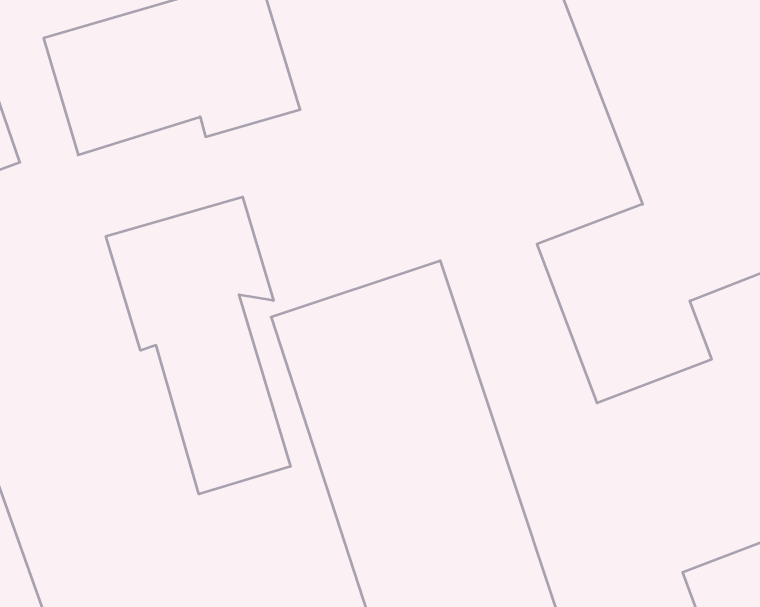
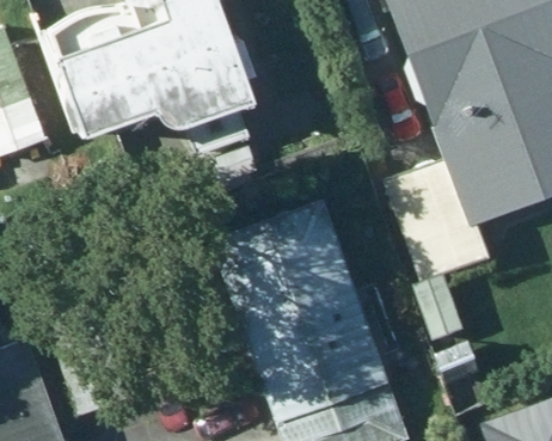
building: [106,197,290,494] -> none

